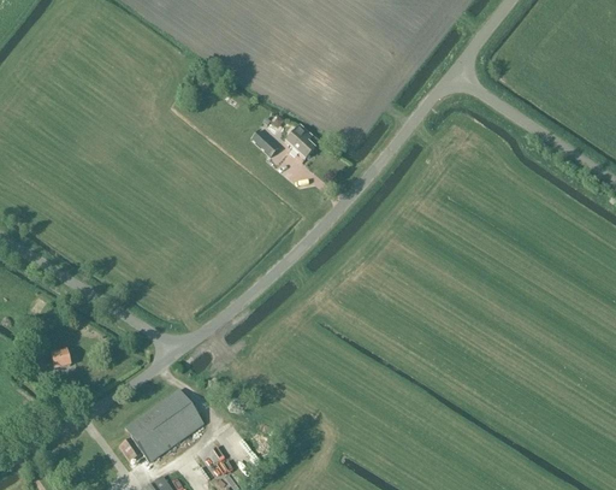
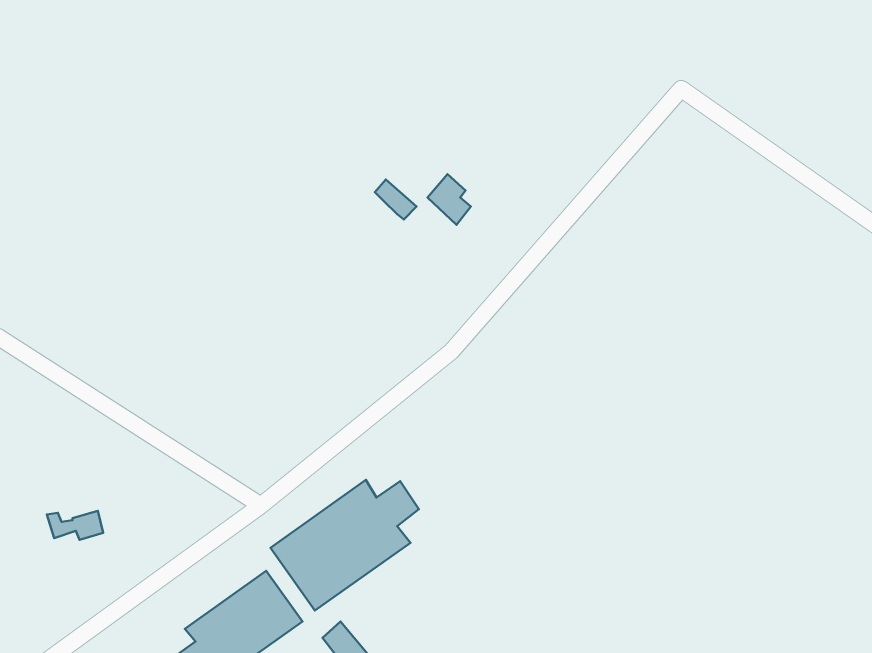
building: none -> [270,480,419,611]

